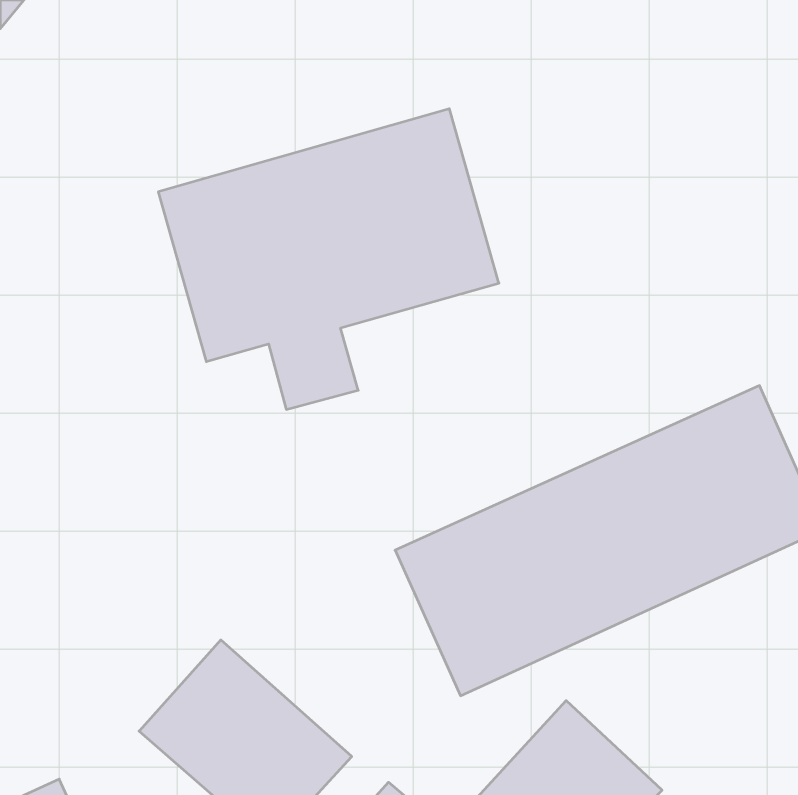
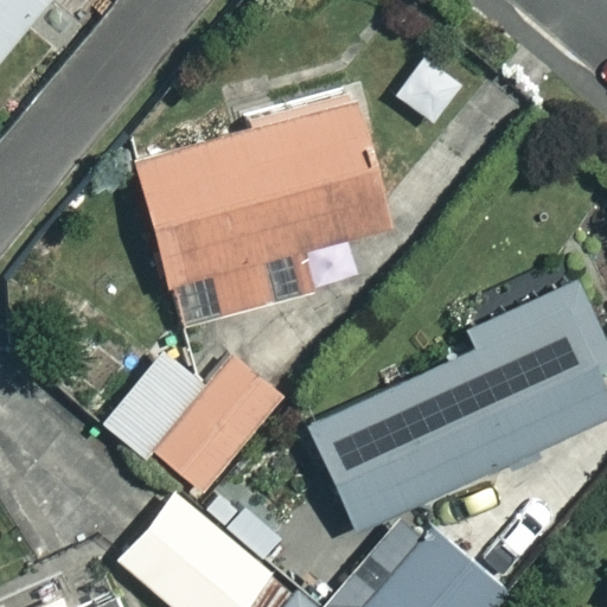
building: none -> [103,352,296,503]

